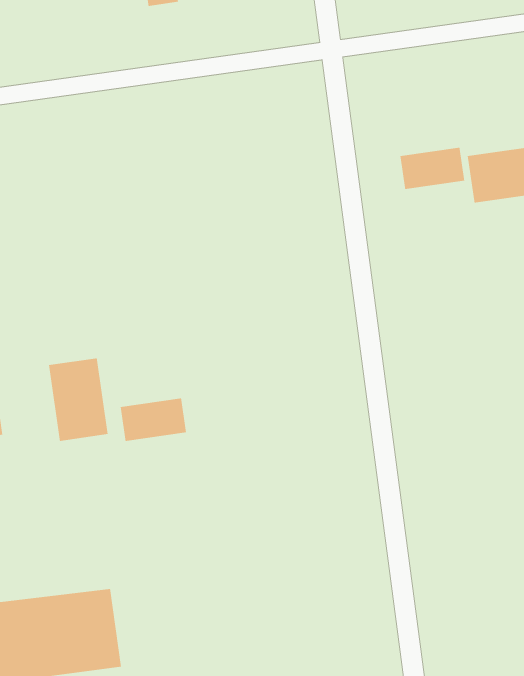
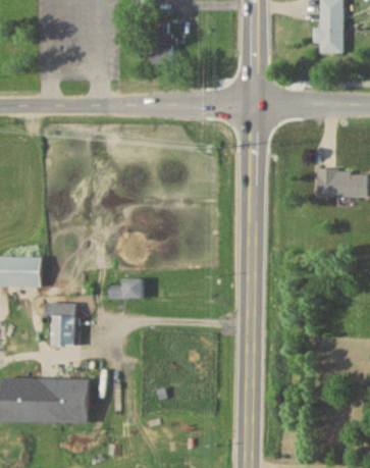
building: [400,147,465,190] -> none
building: [48,358,108,441] -> [49,304,76,347]

